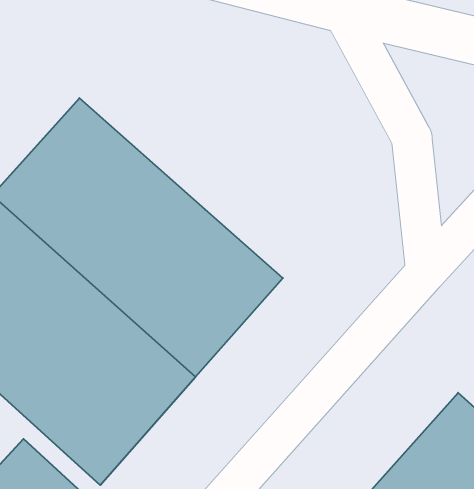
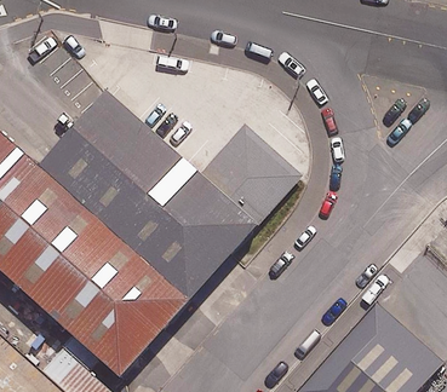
building: none -> [199,120,302,223]

